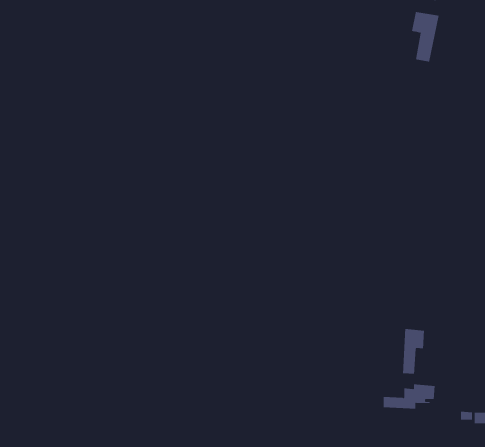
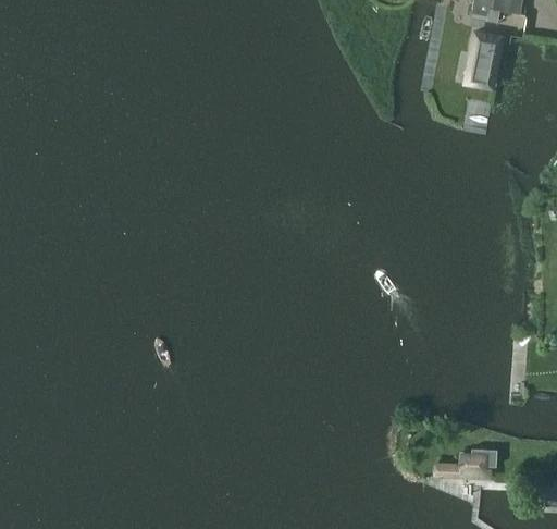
building: [403,328,425,374] -> none

